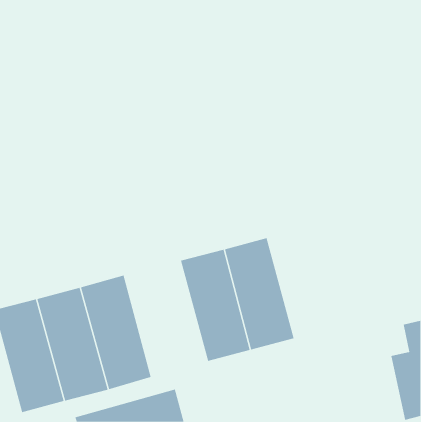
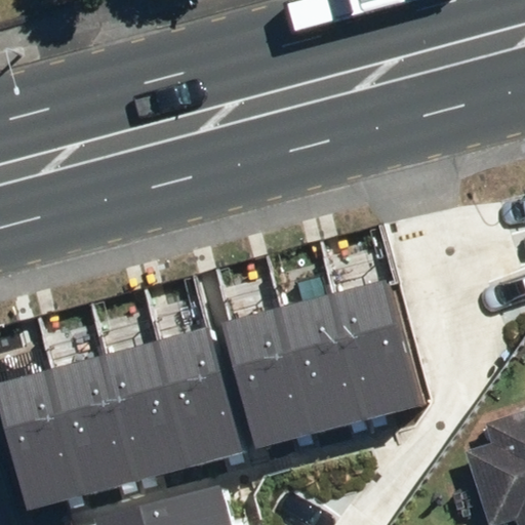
building: none -> [331,280,419,419]
building: none -> [154,326,242,468]

